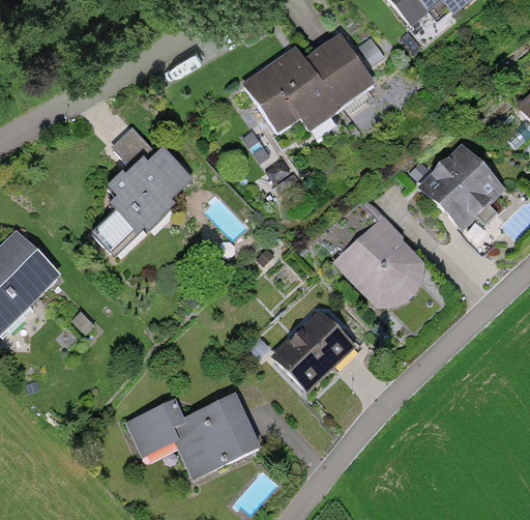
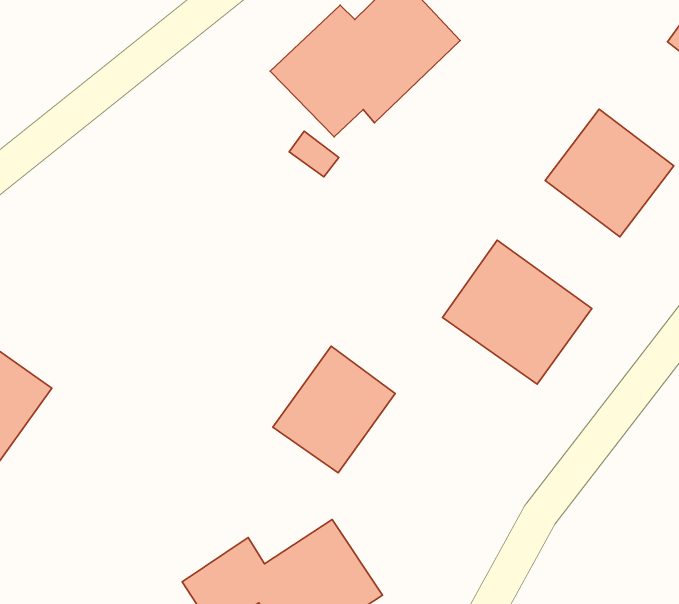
building: [91,125,196,255] -> none
building: [272,305,359,392] -> [273,346,395,473]

